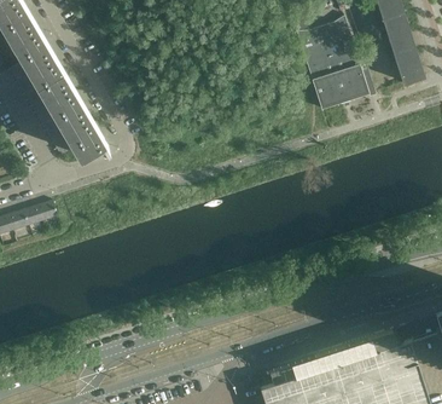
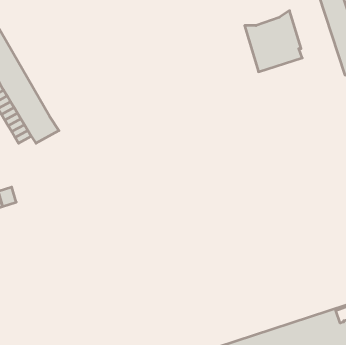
building: [313,65,371,111] -> none

